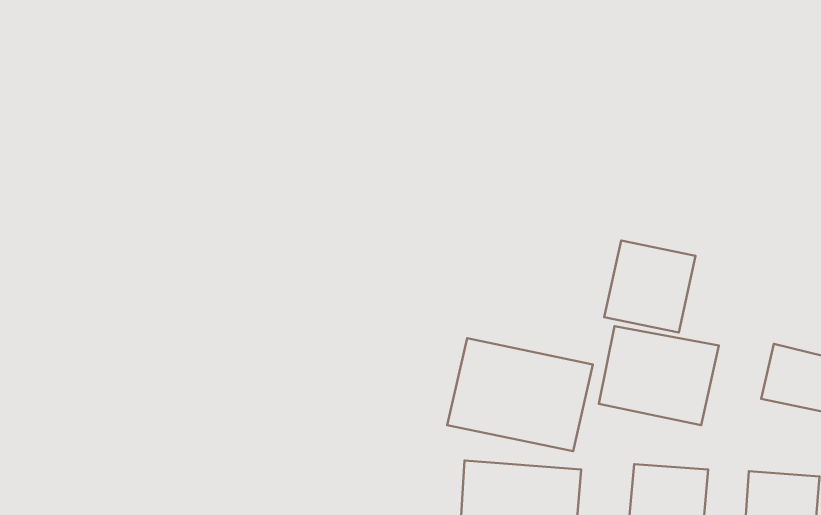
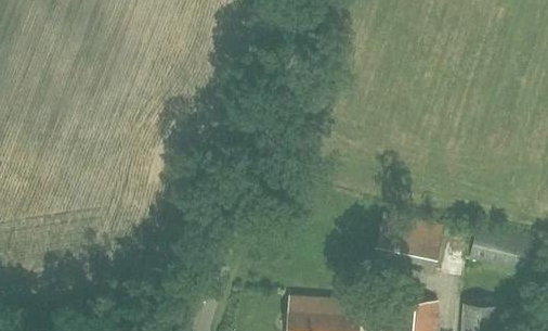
building: [604,240,696,332] -> none
building: [447,338,593,451] -> none

